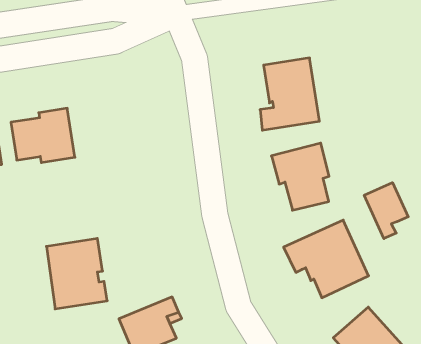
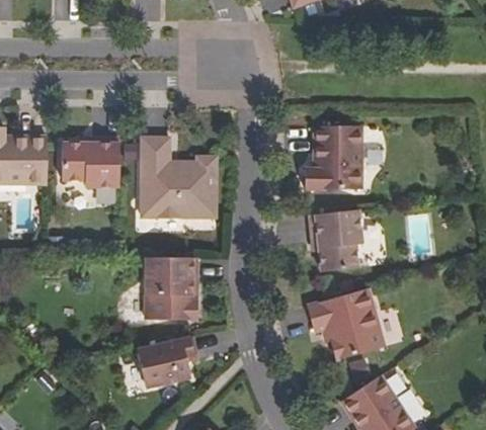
building: none -> [141,138,206,218]
building: [364,183,408,239] -> none
building: [46,238,107,309] -> [145,257,196,319]

